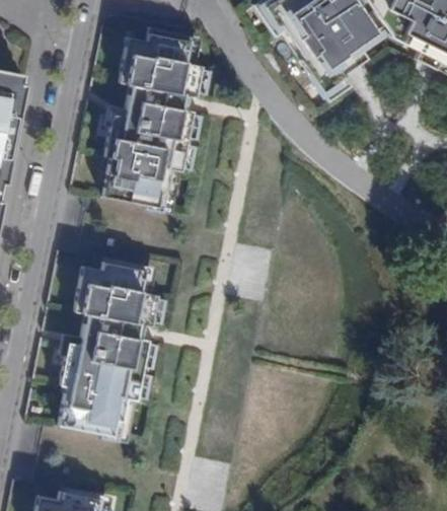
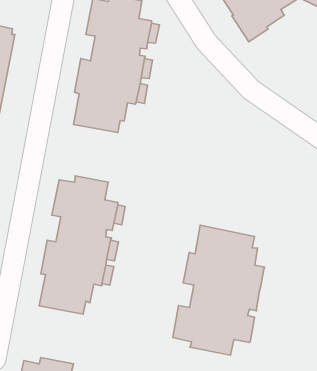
building: none -> [173,225,265,355]

